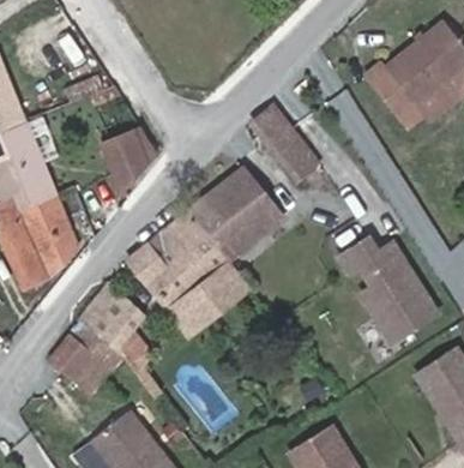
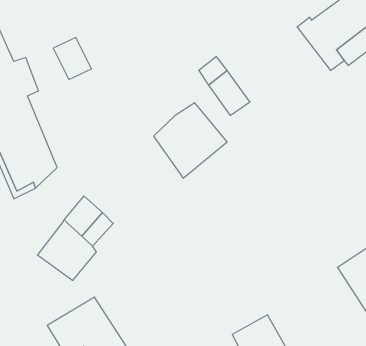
building: [102,130,149,181] -> [53,37,92,80]
building: [129,209,249,334] -> none
building: [338,232,435,334] -> none

